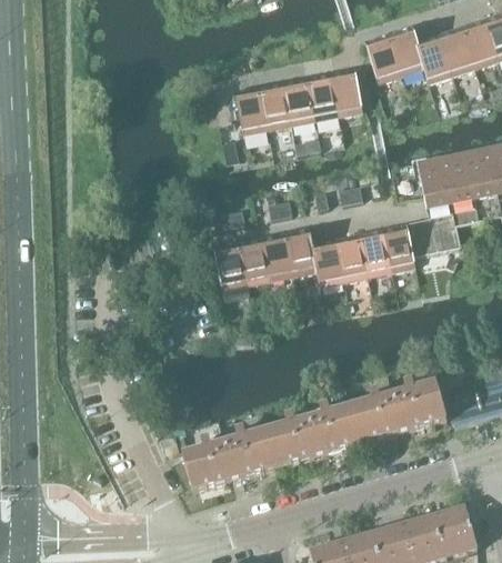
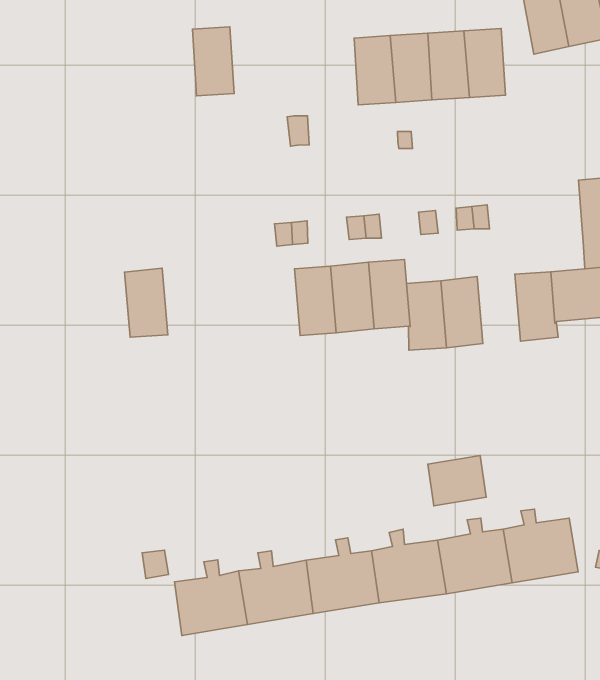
building: [235,86,268,133] -> [192,27,234,96]
building: [359,228,392,275] -> none
building: [214,241,248,289] -> [124,268,168,337]
building: none -> [428,456,486,506]

